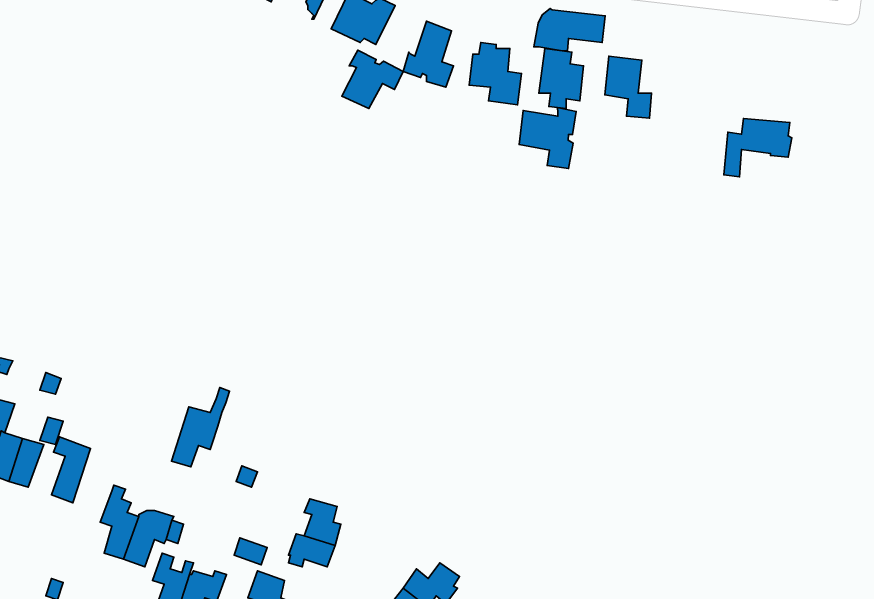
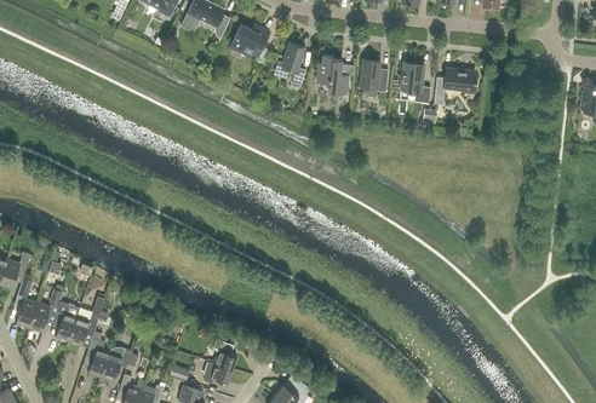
building: [534,9,605,51] -> none
building: [342,50,403,108] -> none
building: [519,108,576,168] -> none
building: [724,118,792,177] -> [434,68,476,104]
building: [171,387,230,467] -> [69,295,105,345]

